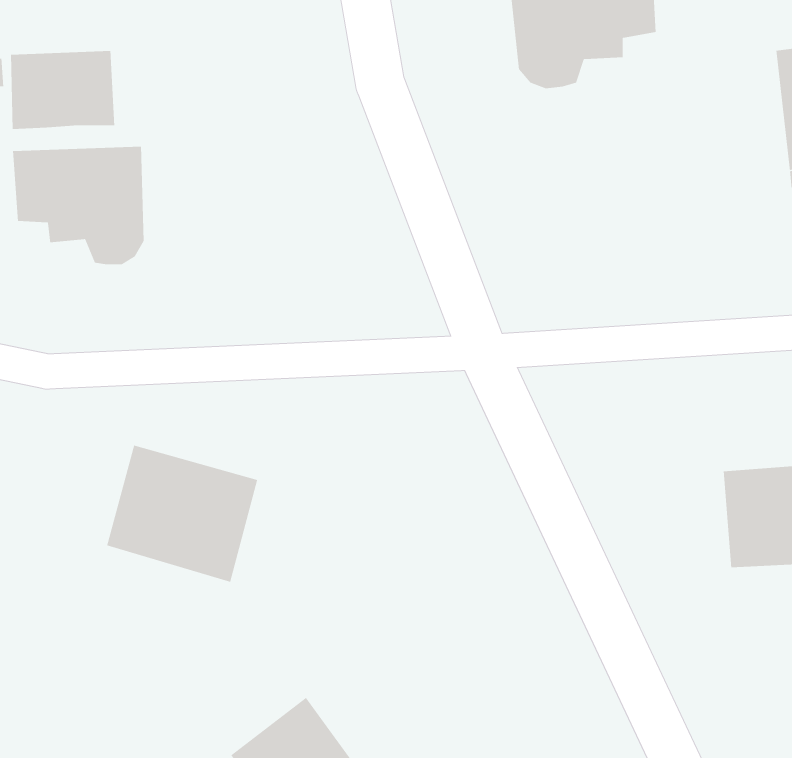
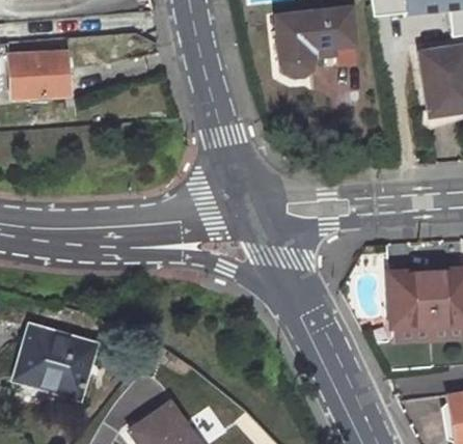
building: [12,146,144,265] -> none
building: [106,445,258,583] -> [11,322,92,395]

